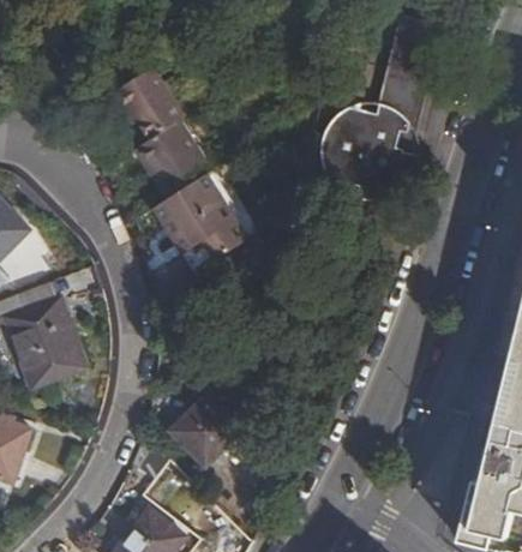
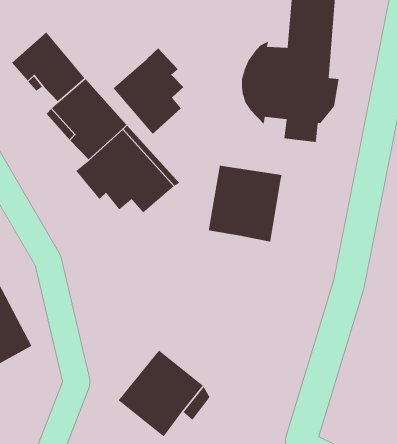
building: none -> [113,47,184,135]
building: none -> [208,165,282,243]

